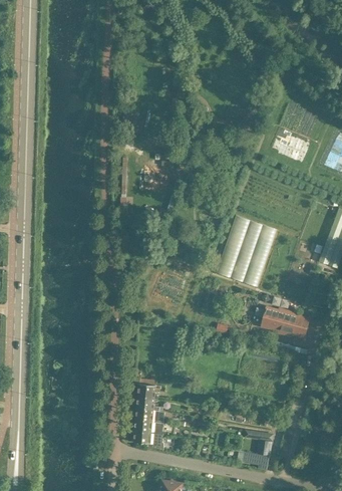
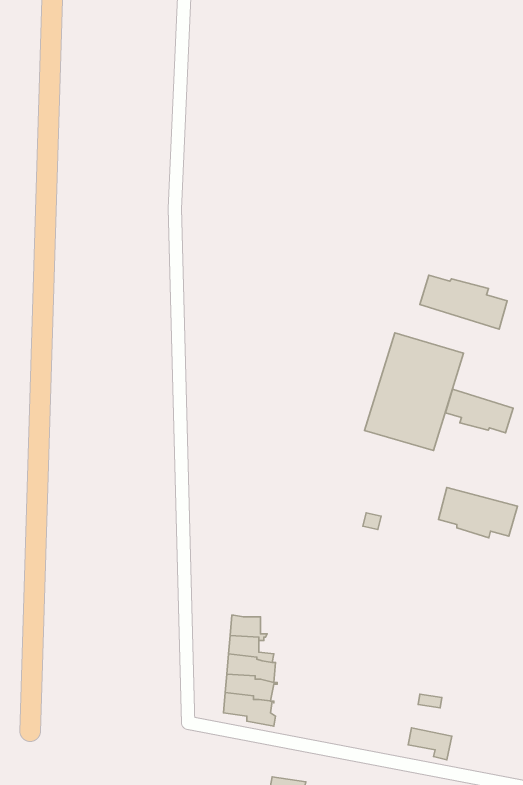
building: none -> [420,275,507,329]
building: none -> [446,389,513,433]

